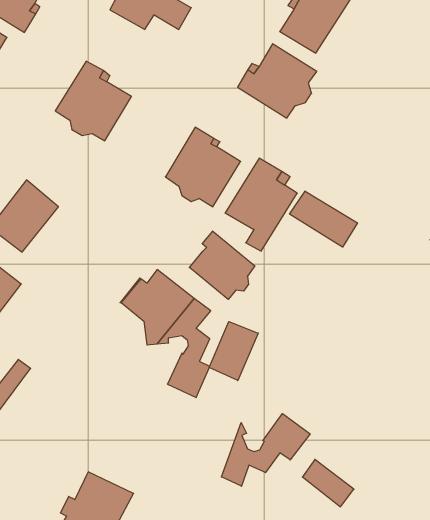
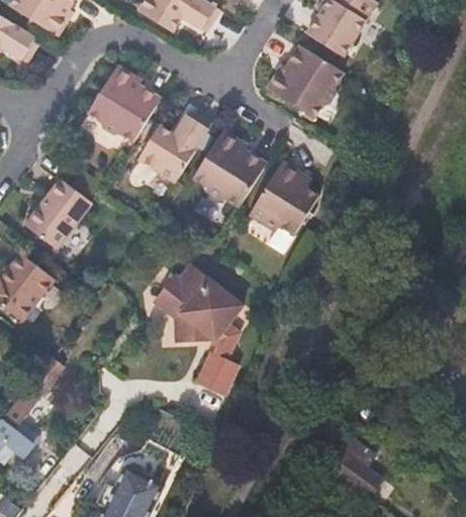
building: none -> [142,107,212,178]
building: [290,191,357,247] -> none
building: [189,231,255,299] -> none
building: [209,322,258,381] -> none
building: [221,414,310,486] -> none

